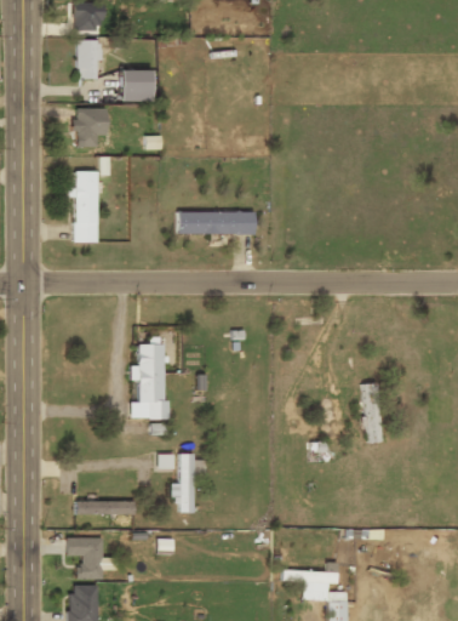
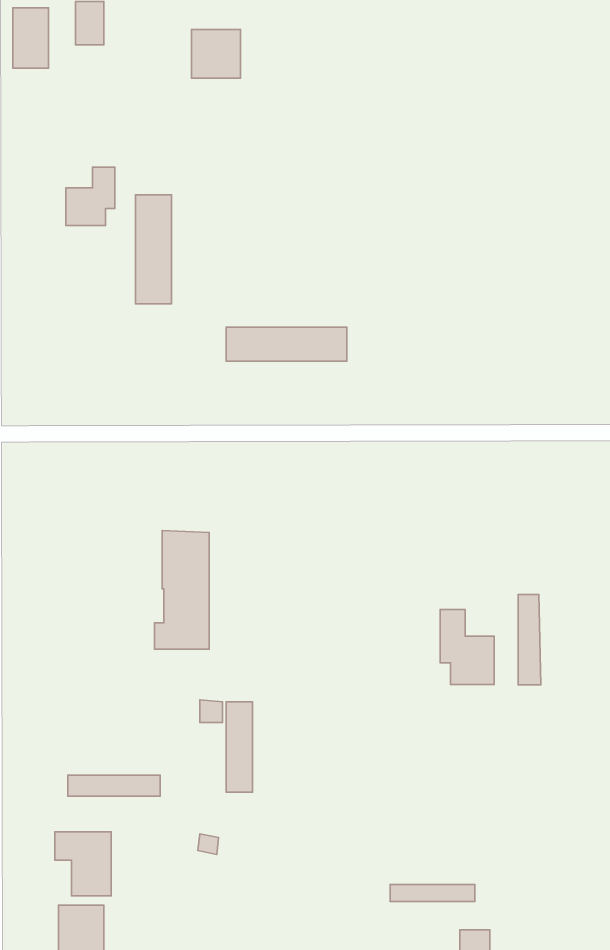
building: [78,40,101,79] -> [13,8,49,68]
building: [120,69,151,101] -> [192,29,241,78]
building: [74,171,97,241] -> [136,195,171,304]
building: none -> [440,609,494,685]

